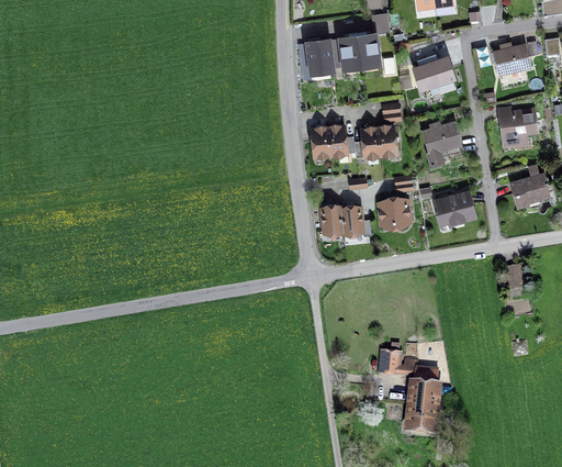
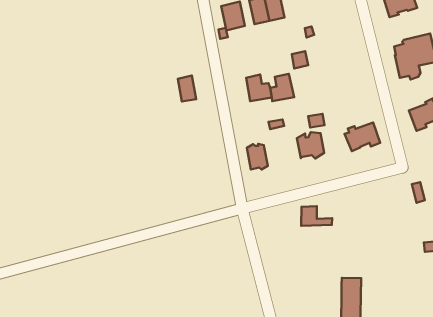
building: [415,58,456,91] -> none
building: [423,122,461,166] -> none
building: [378,125,397,155] -> none
building: [312,127,330,156] -> [178,76,196,101]
building: [341,204,372,236] -> none
building: [380,351,416,375] -> [301,206,332,226]

